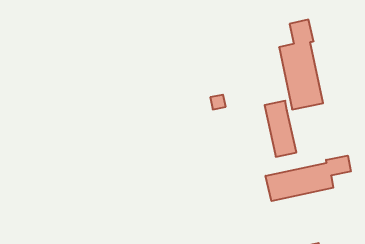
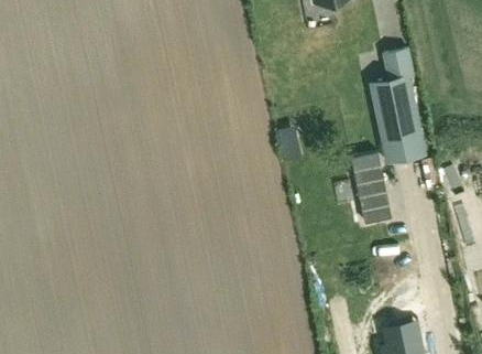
building: [266,156,351,201] -> none

